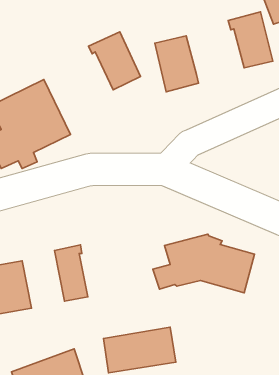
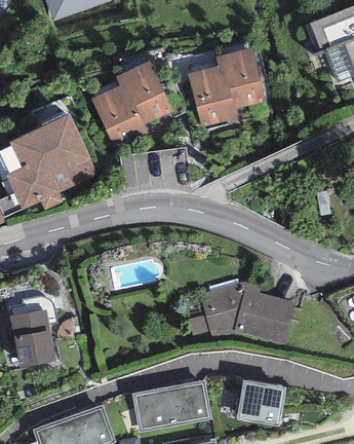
building: [228,12,273,68] -> [215,46,264,107]
building: none -> [90,82,149,152]
building: [54,245,88,301] -> none
building: none -> [237,378,285,424]

